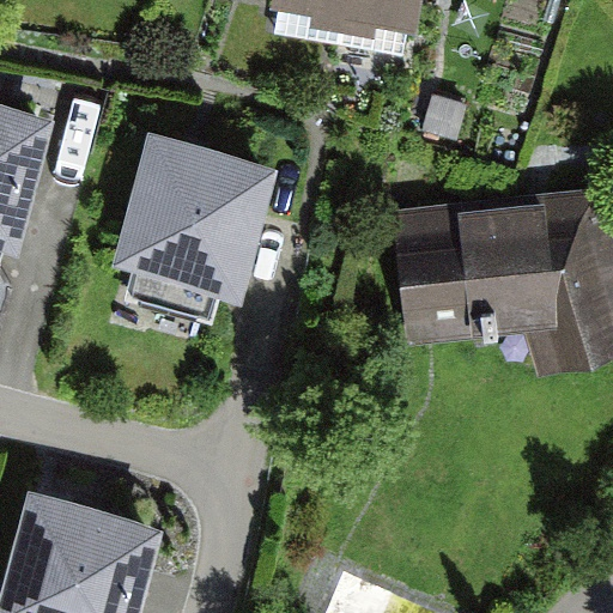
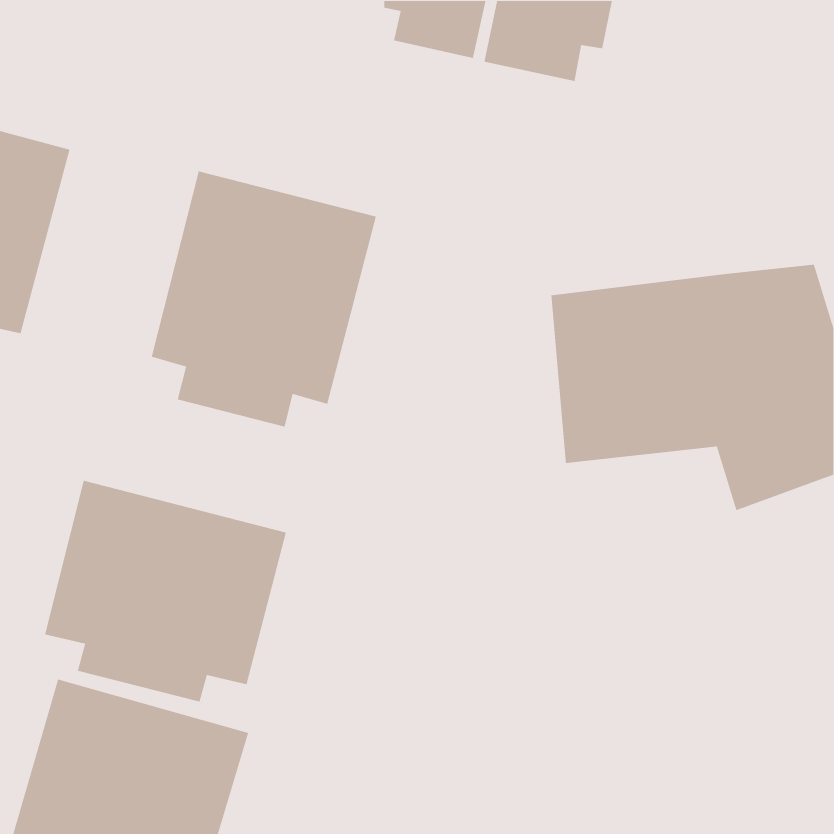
building: none -> [44,480,287,703]

